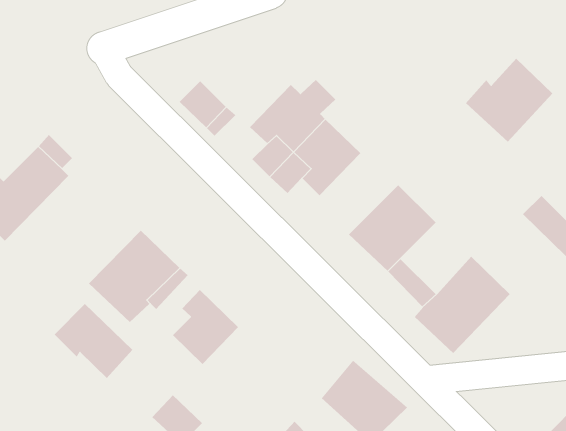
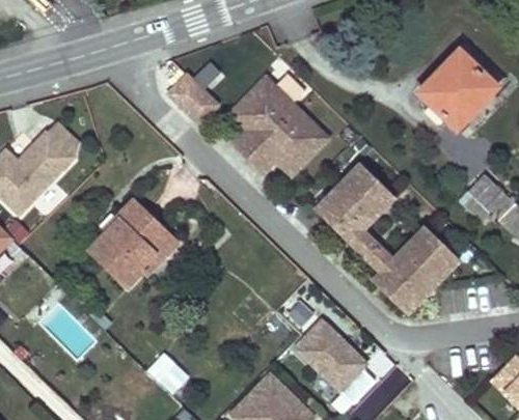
building: [172,289,239,365] -> none
building: [54,303,133,379] -> none

